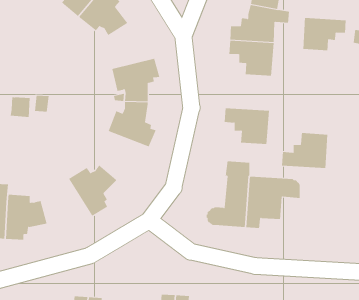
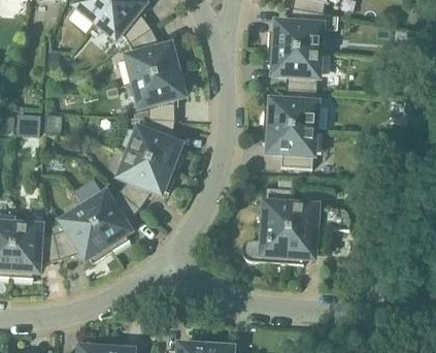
building: [303,17,346,51] -> none
building: none -> [127,29,182,82]
building: none -> [119,153,176,208]
building: [281,133,328,169] -> [263,88,316,129]
building: none -> [53,207,110,262]

